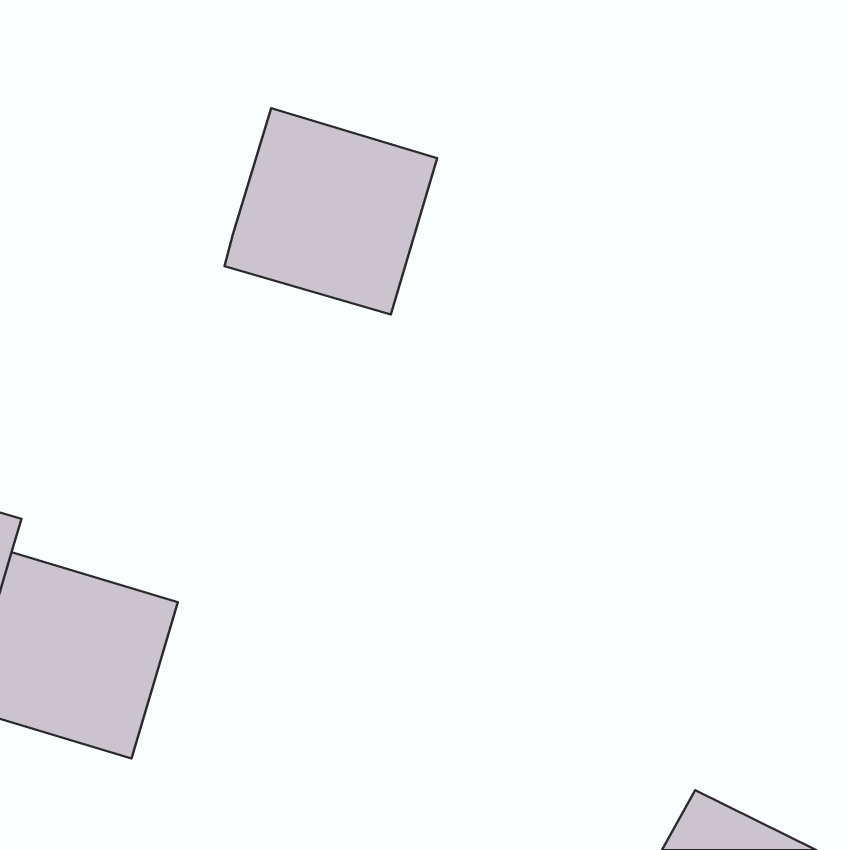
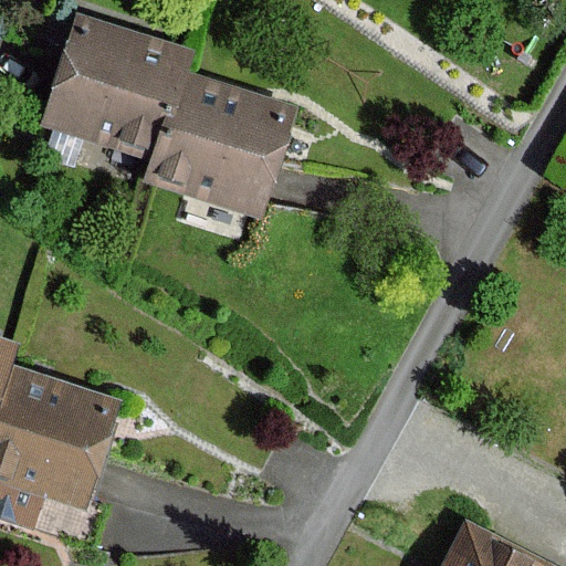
building: none -> [44,18,187,156]

